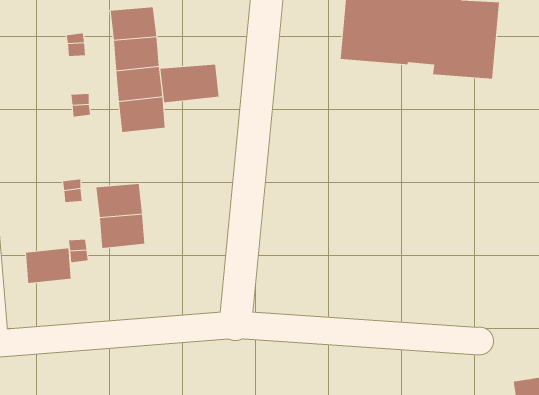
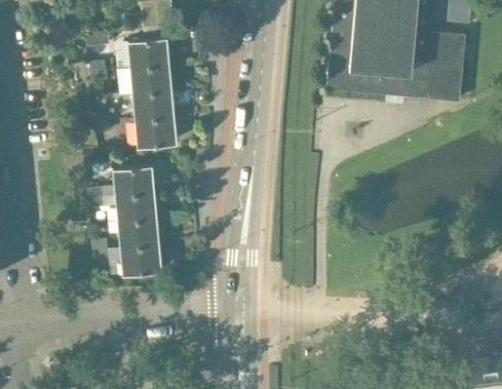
building: [160,64,219,103] -> none
building: none -> [113,167,153,196]
building: [25,248,71,283] -> [120,245,160,276]

